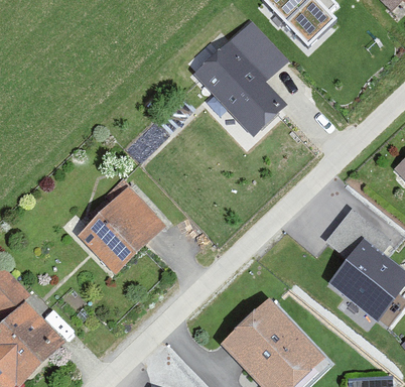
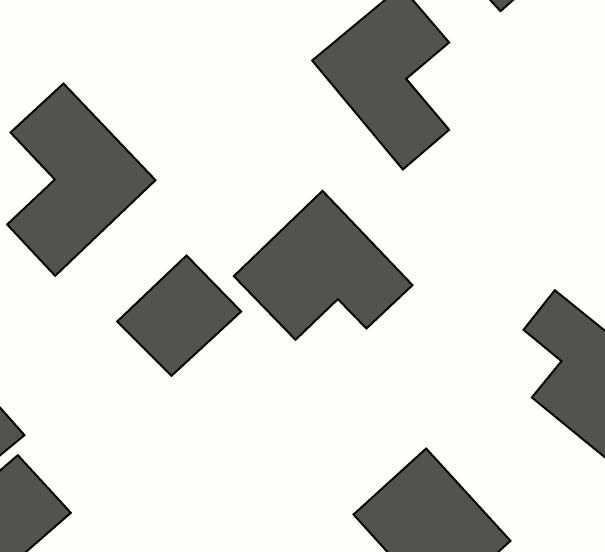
building: none -> [7,83,156,276]
building: none -> [234,191,412,340]

